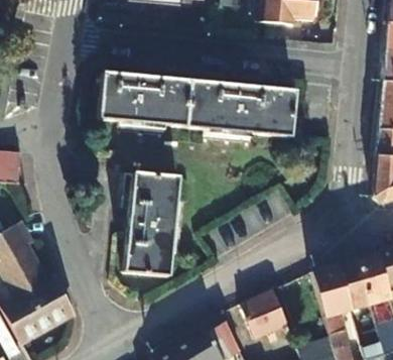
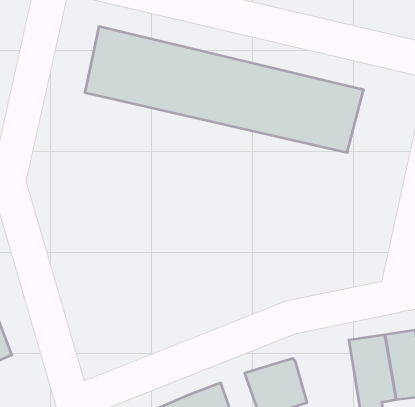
building: [126,173,179,277] -> none

